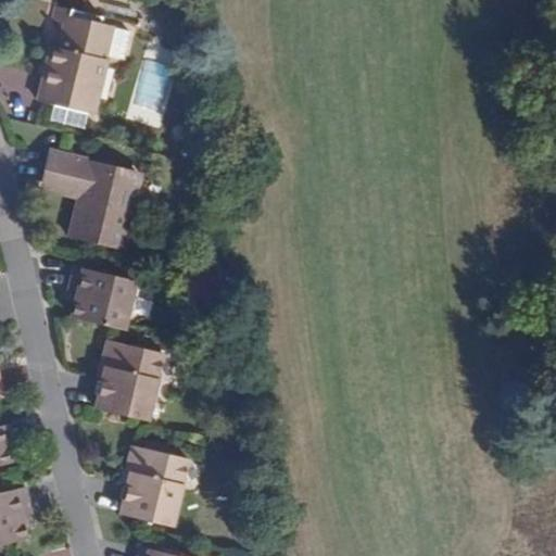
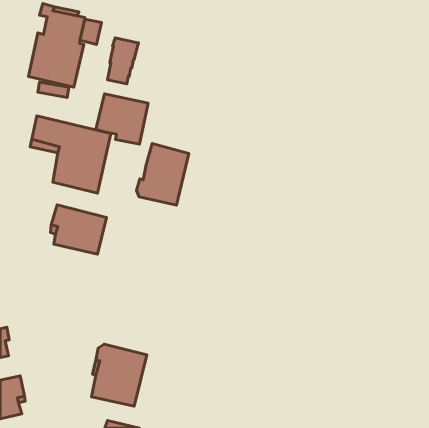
building: none -> [96,94,148,144]
building: none -> [137,143,189,205]
building: [93,340,164,421] -> none

